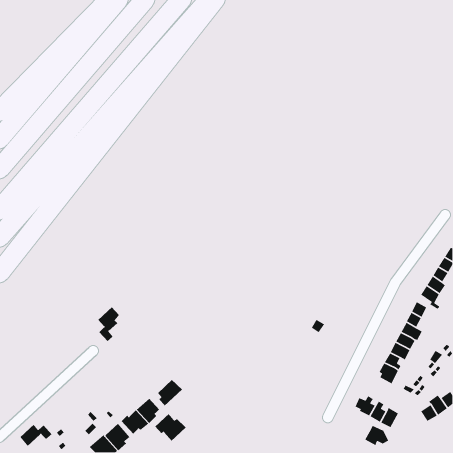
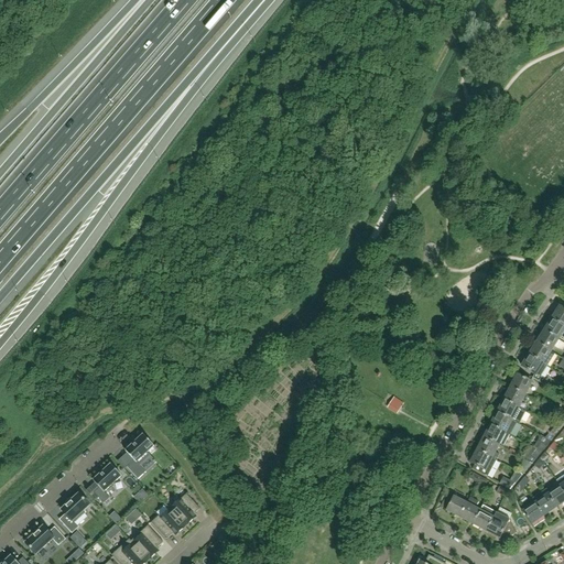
building: [98,306,120,342] -> [124,434,152,478]
building: none -> [91,464,120,502]
building: [157,379,183,407] -> none
building: none -> [58,492,88,533]
building: [155,413,187,442] -> none
building: [364,425,389,446] -> [485,512,516,539]

